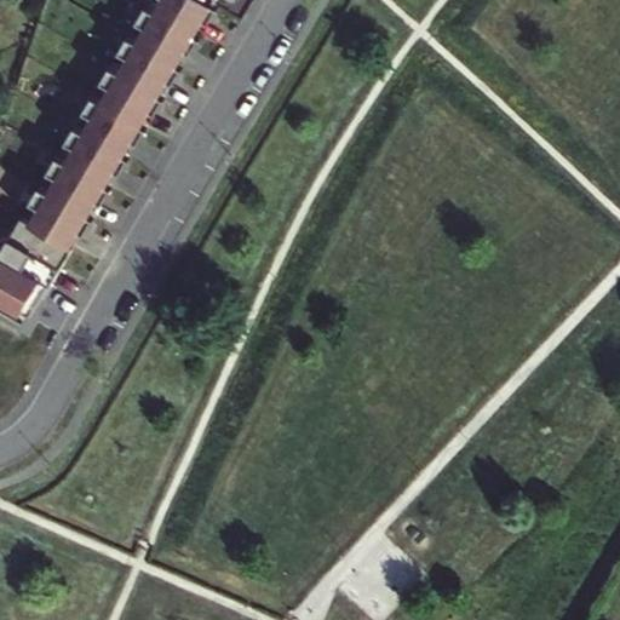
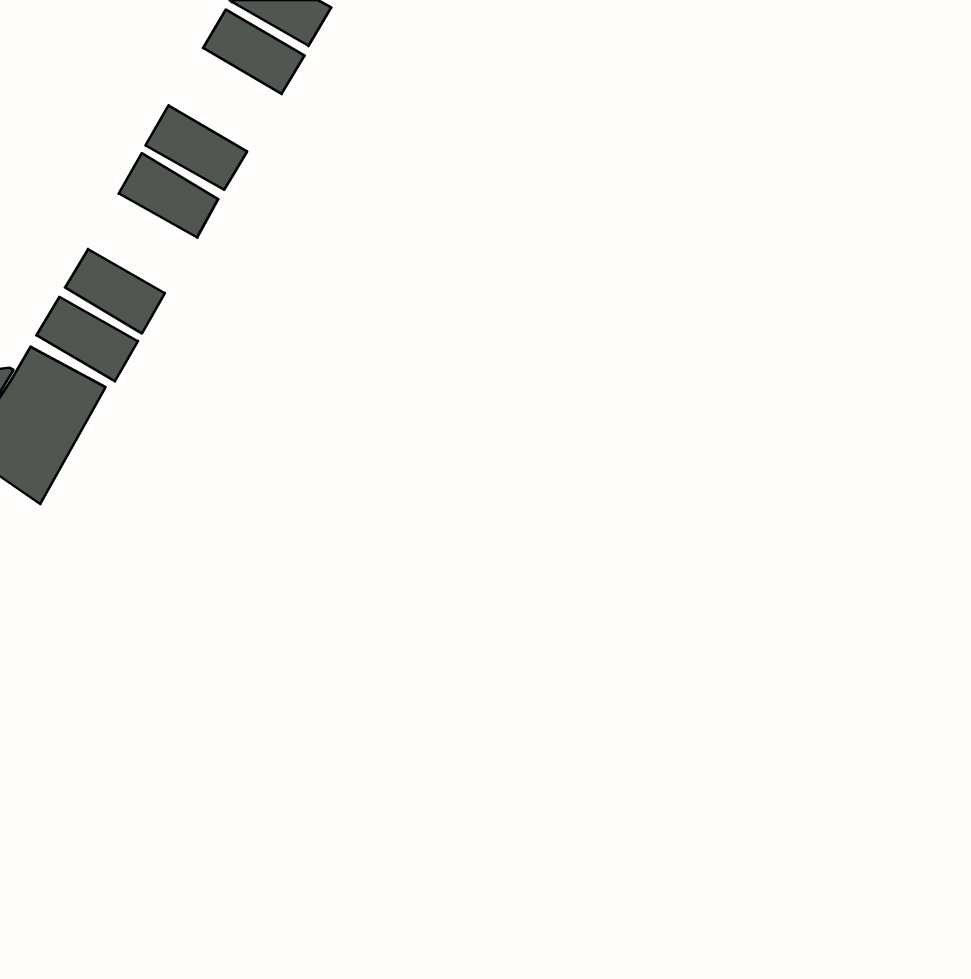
building: [110,35,173,88] -> none
building: [58,127,121,180] -> none

